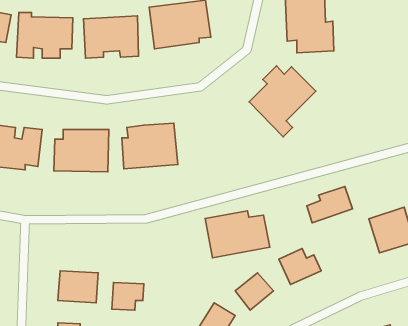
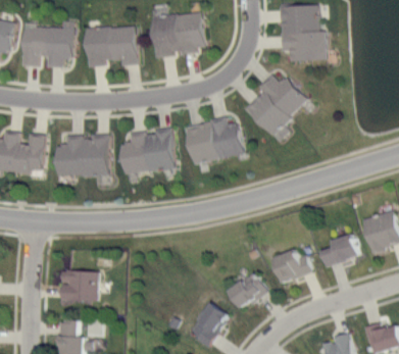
building: [307,187,352,223] -> [318,234,362,268]
building: [205,211,270,258] -> [184,118,246,163]
building: [112,282,144,310] -> none

